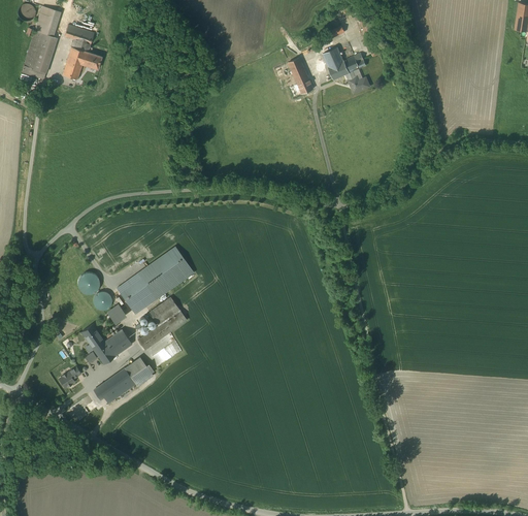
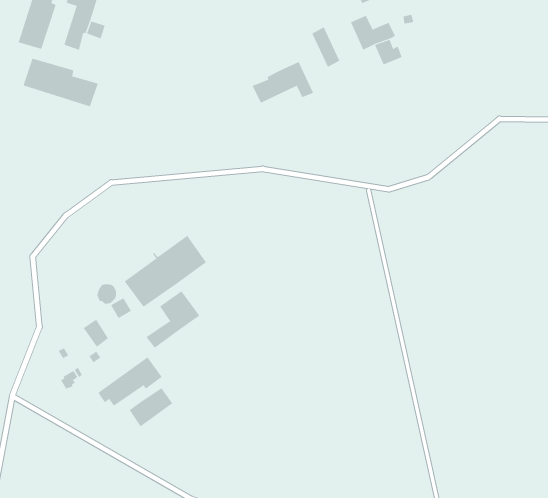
building: none -> [23,58,99,107]
building: none -> [252,61,314,103]
building: [77,272,99,294] -> none
building: [93,328,133,364] -> [129,387,173,427]

